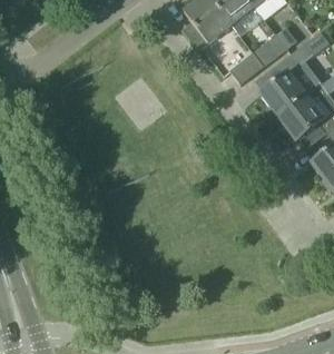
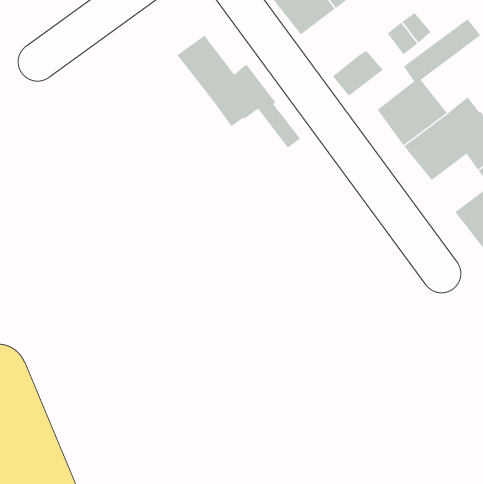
building: none -> [176,35,301,148]

